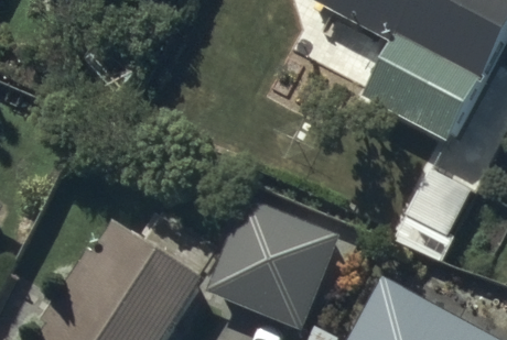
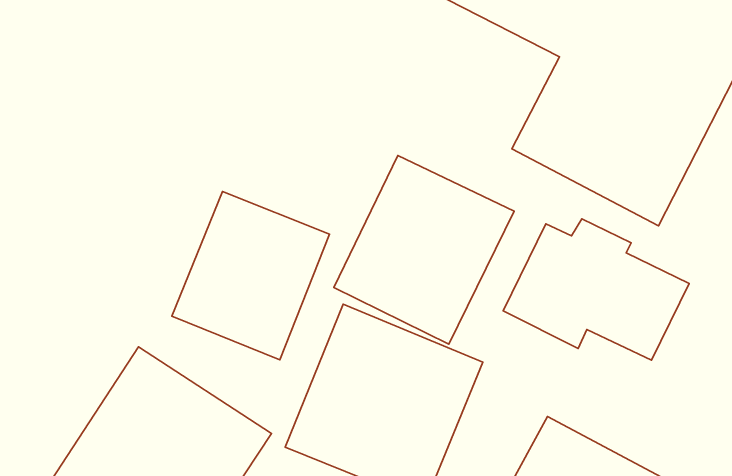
building: none -> [334,155,514,344]
building: none -> [172,191,330,360]

